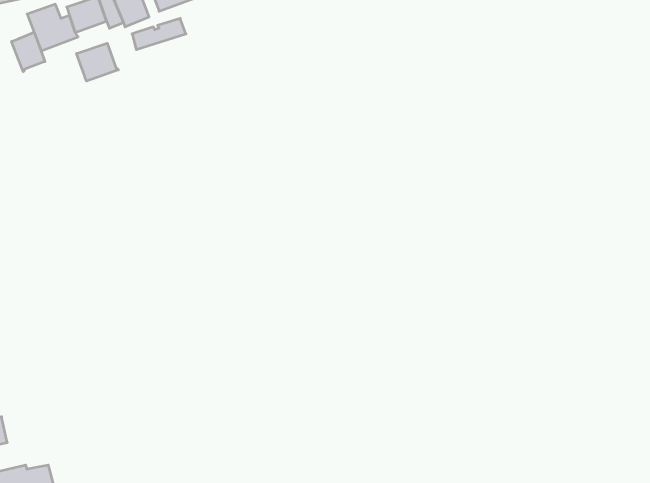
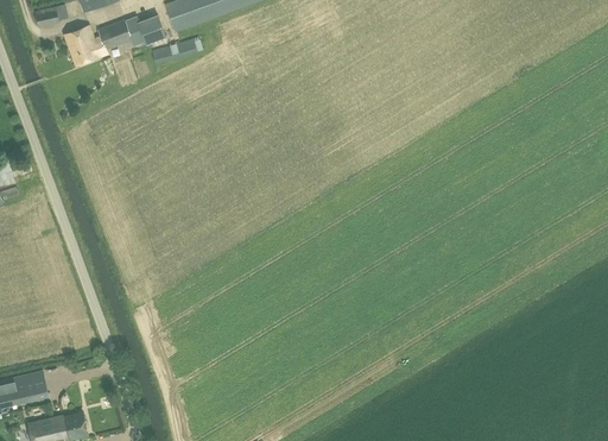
building: [12,32,45,72] -> none
building: [77,43,118,81] -> none

